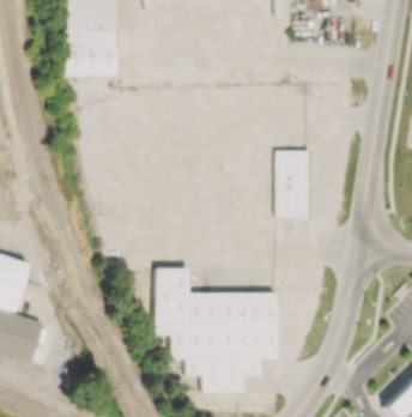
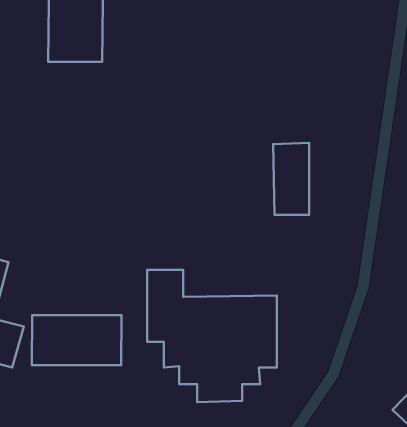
building: none -> [32,315,122,365]

